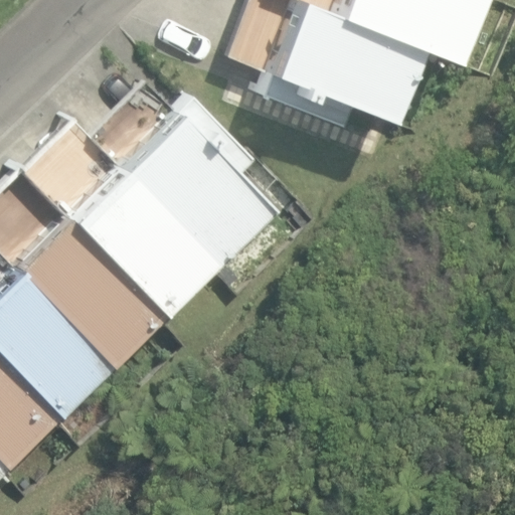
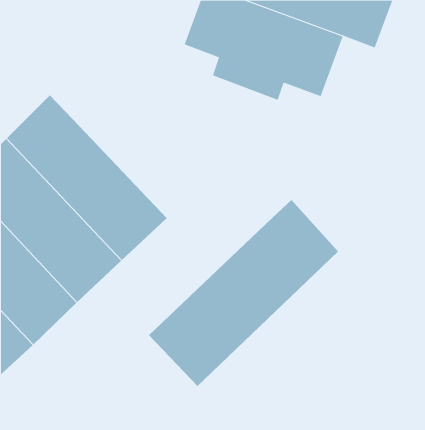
building: [94,88,269,266] -> none
building: none -> [148,199,339,387]

